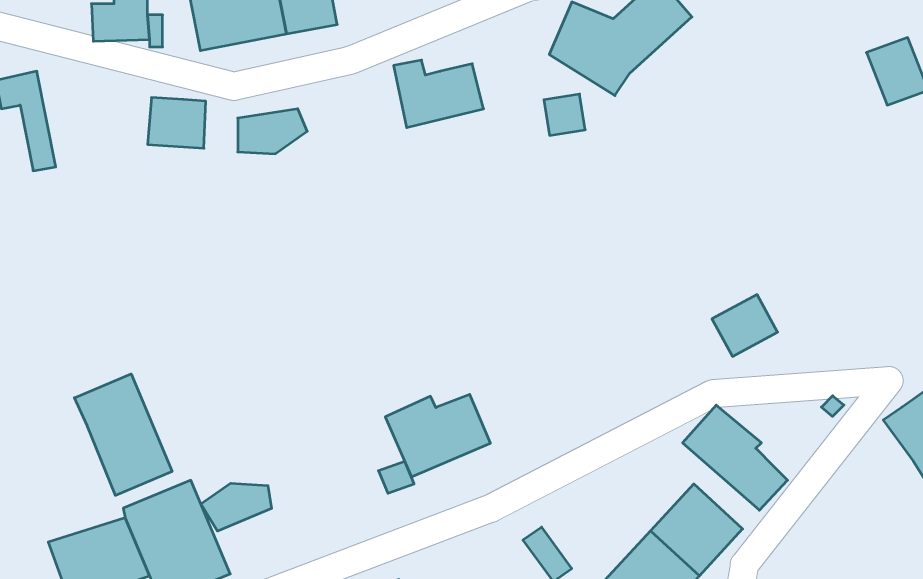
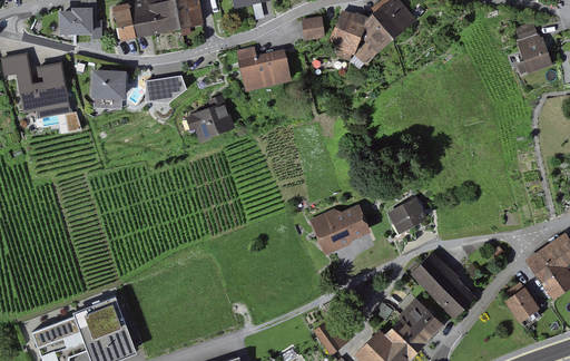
building: none -> [31,64,68,118]
building: [544,94,585,135] -> [298,19,323,43]
building: none -> [185,95,232,136]
building: [712,295,778,356] -> [385,195,424,232]
building: [74,374,172,495] -> none
building: [385,394,490,477] -> [307,203,370,252]
building: none -> [505,289,538,323]
building: [201,483,272,531] -> none

